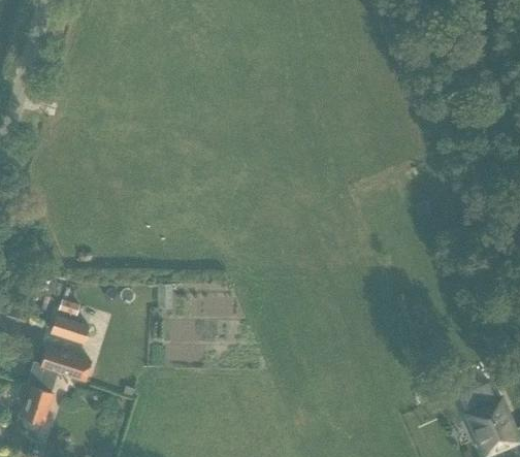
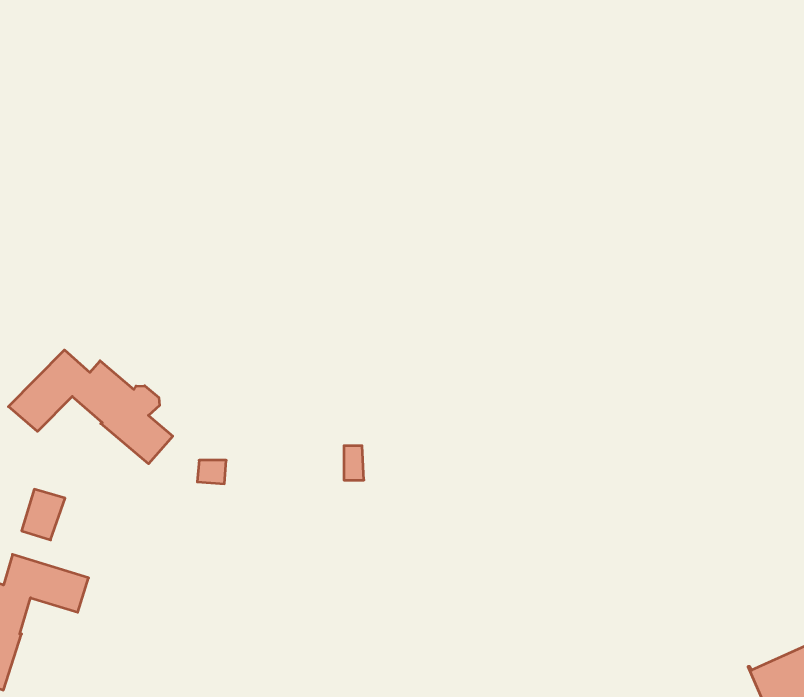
building: none -> [8,350,173,464]

